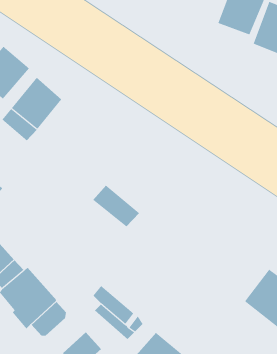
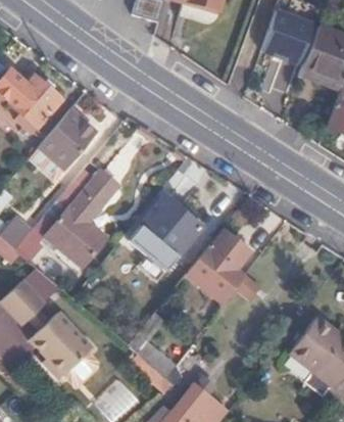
building: none -> [45,168,117,266]
building: none -> [143,196,204,255]
building: none -> [193,231,250,299]

